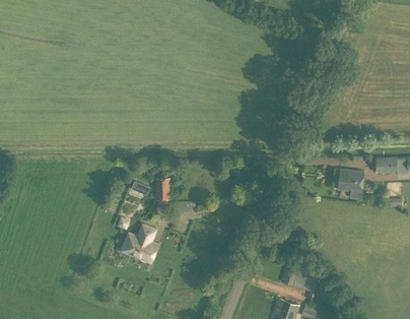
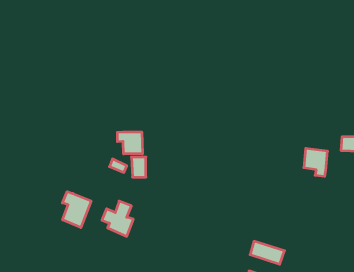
building: none -> [117,132,142,154]
building: none -> [62,192,91,228]

